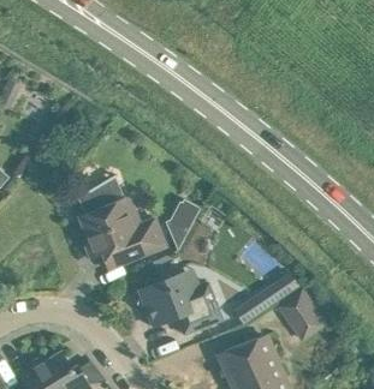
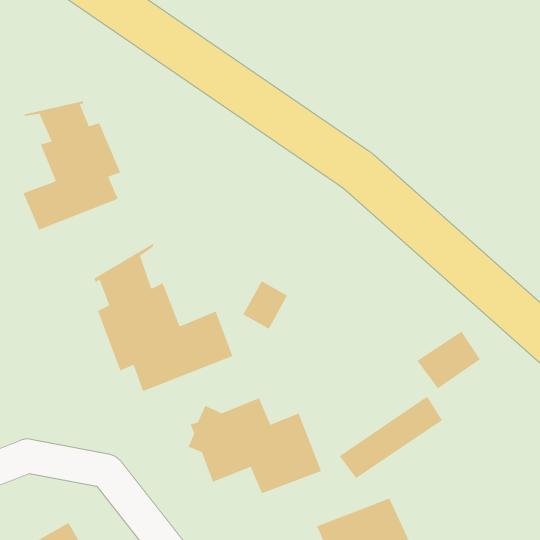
building: none -> [23,100,121,231]
building: [277,287,317,324] -> [417,331,481,389]

